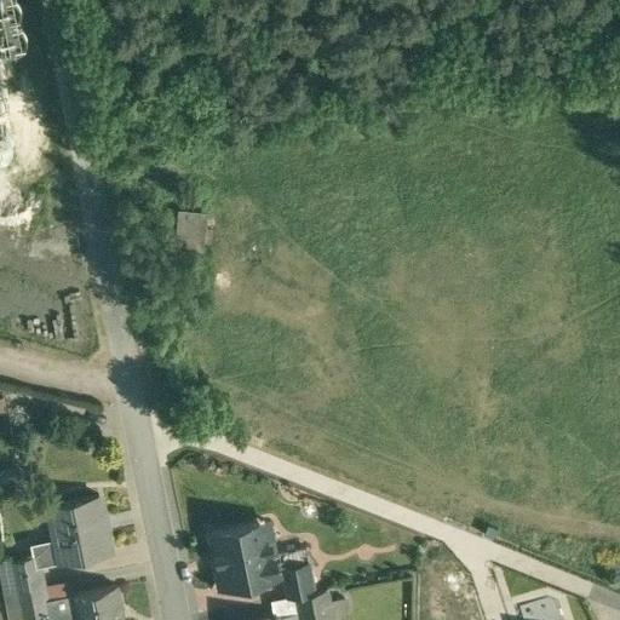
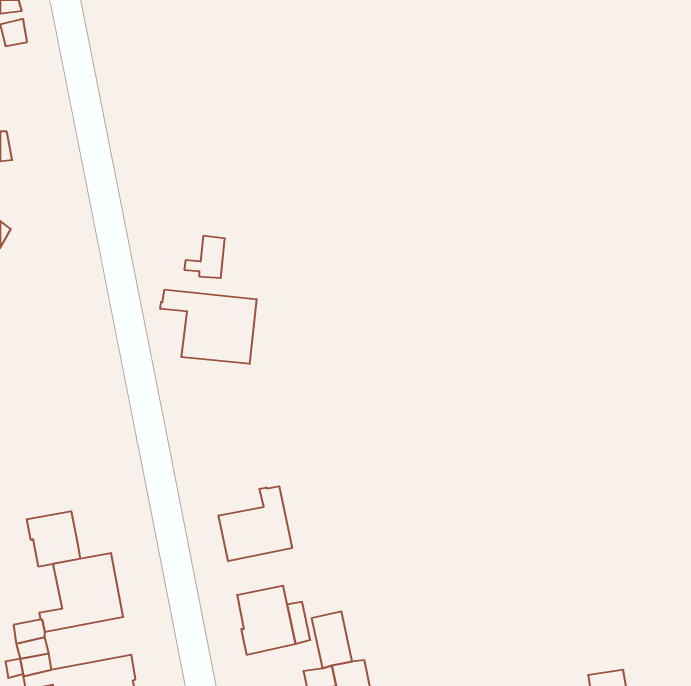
building: none -> [160,290,256,364]
building: none -> [218,486,292,561]
building: none -> [27,511,80,567]

